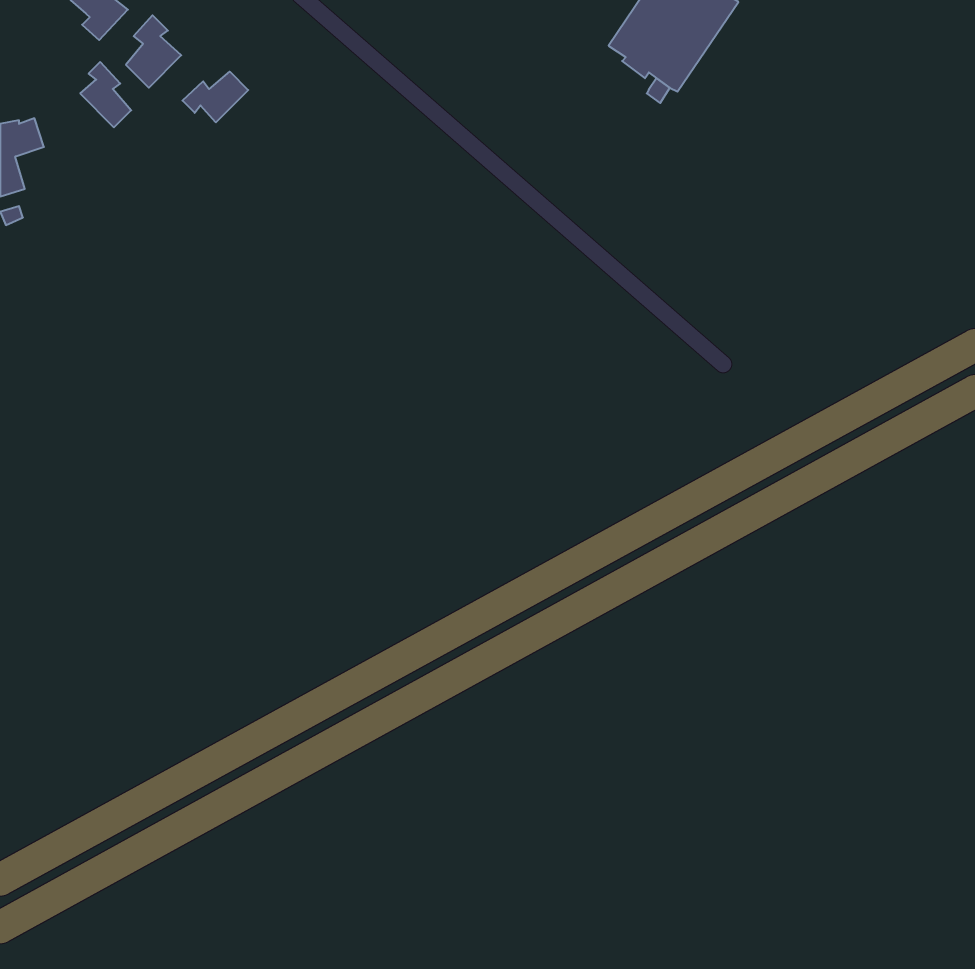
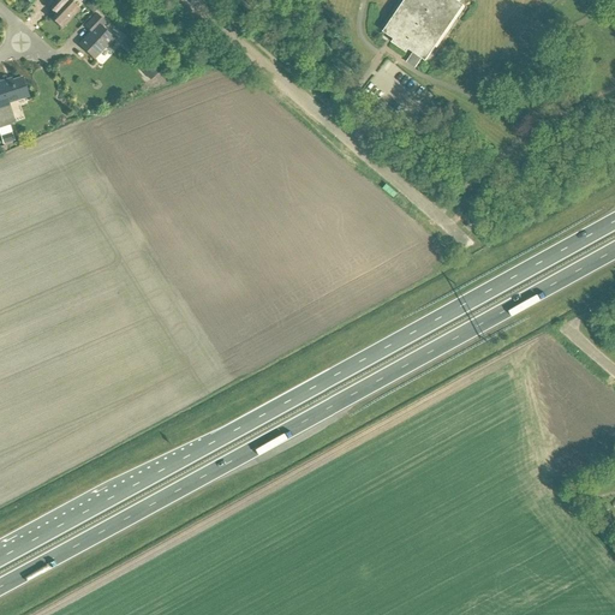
building: [80,62,131,127] -> none
building: [182,72,248,122] -> none

